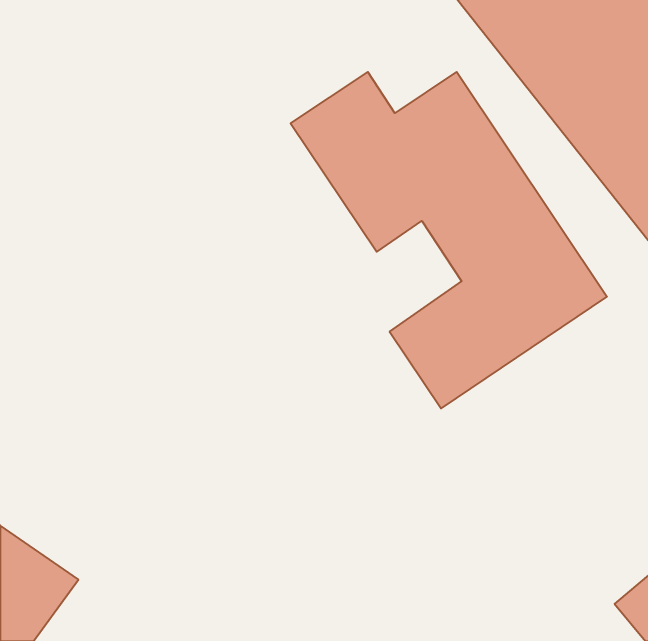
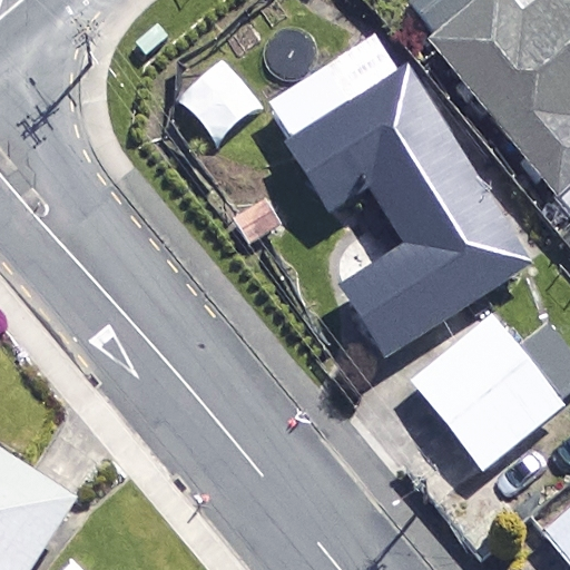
building: none -> [412,315,563,468]

